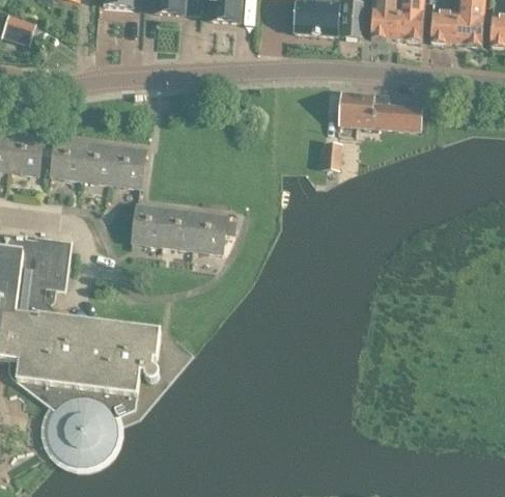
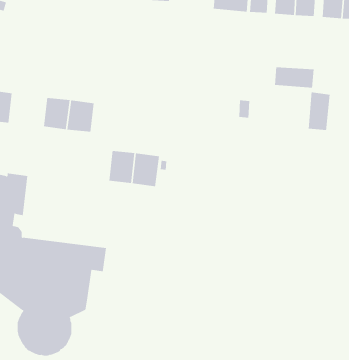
building: [337,90,372,126] -> none
building: none -> [308,91,330,131]
building: [51,137,85,177] -> none
building: [132,203,167,246] -> none

